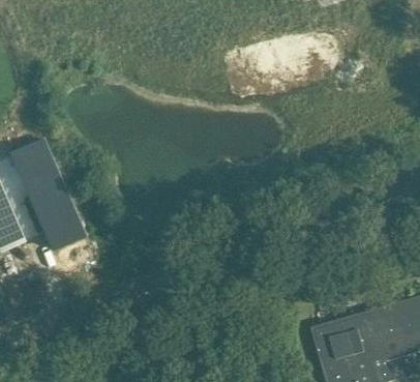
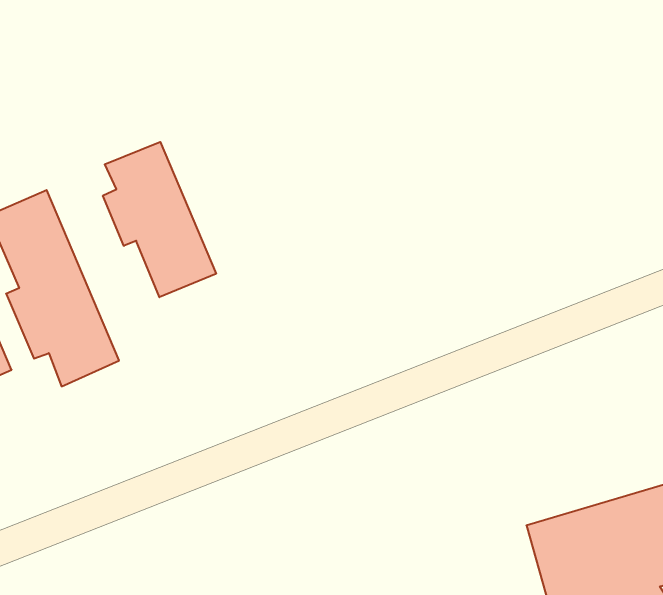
building: none -> [103,142,216,297]

